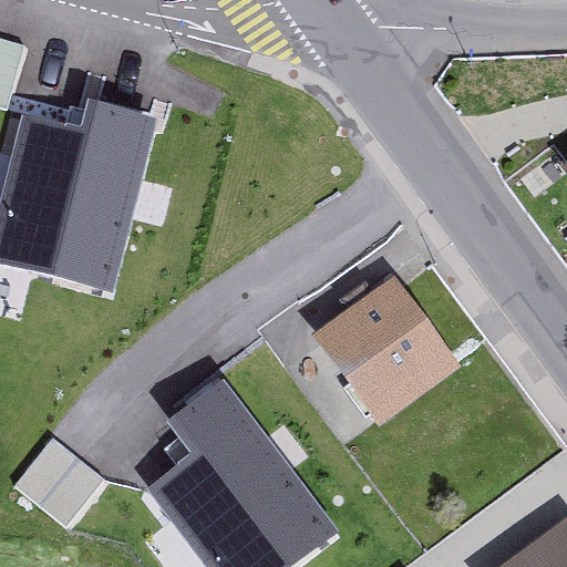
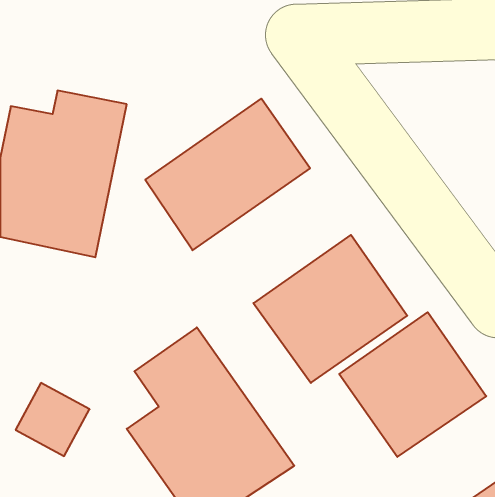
building: none -> [145,99,310,250]
building: none -> [339,312,486,457]

